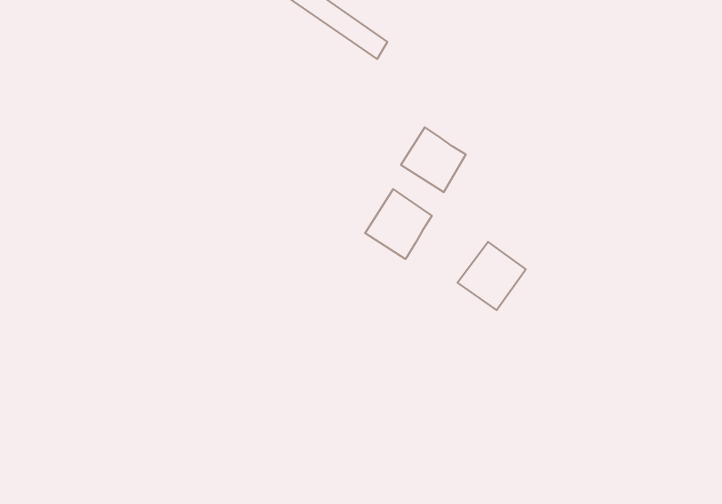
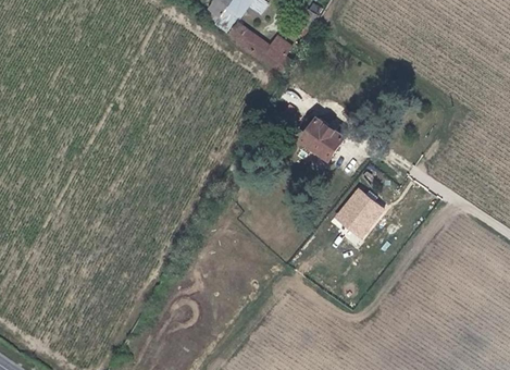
building: [365,189,432,259] -> none

